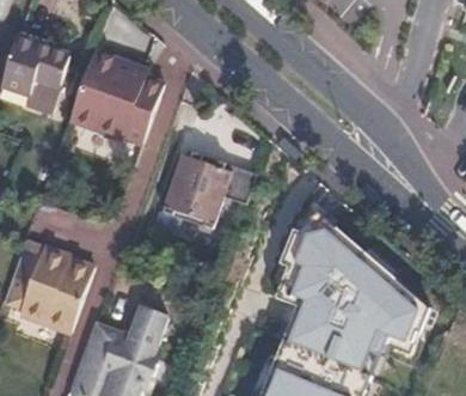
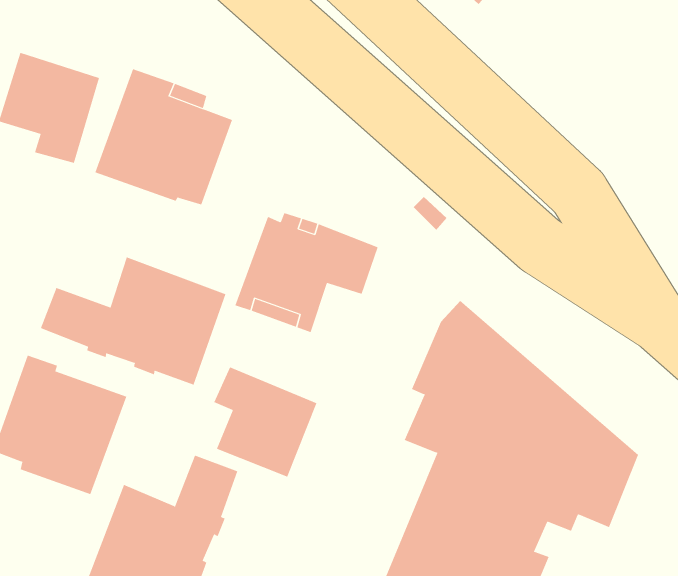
building: none -> [40,257,226,385]
building: none -> [214,366,317,478]

